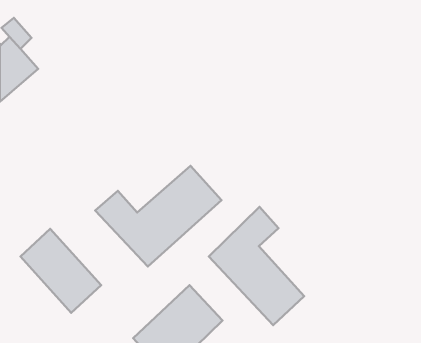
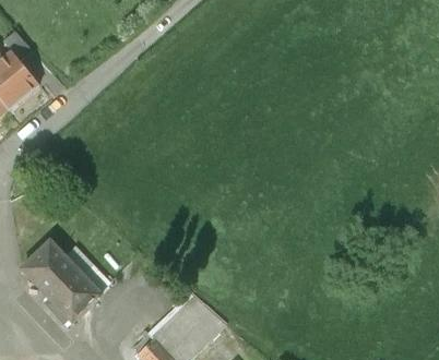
building: [95,166,221,266] -> none
building: [209,207,304,325] -> none

